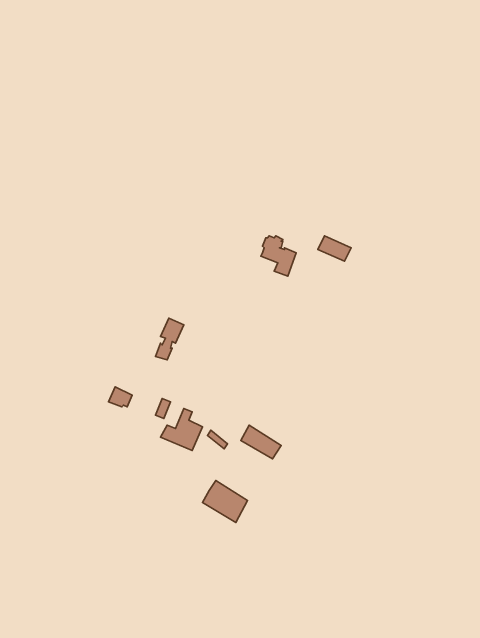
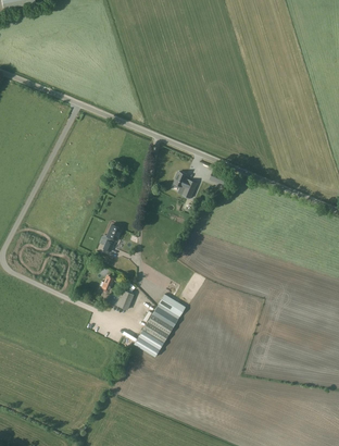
building: none -> [142,307,177,343]

